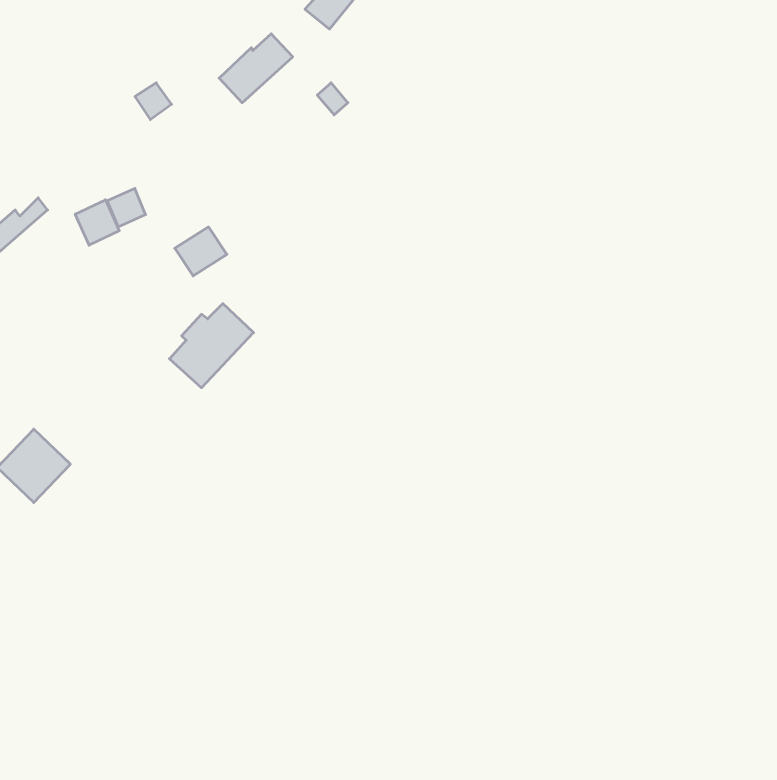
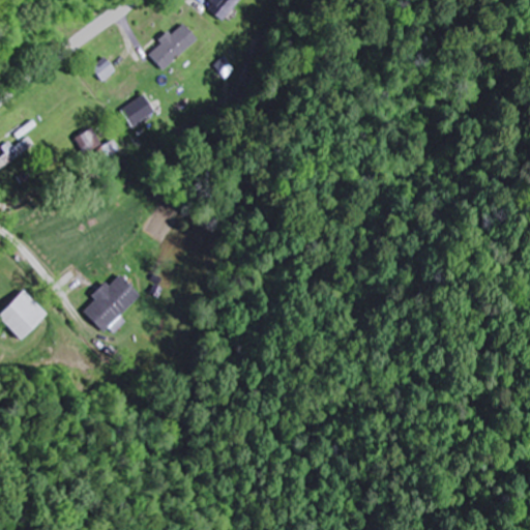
building: [75,200,119,245] -> none
building: [175,227,227,276] -> [121,94,156,127]
building: [169,304,254,388] -> [83,274,140,331]

